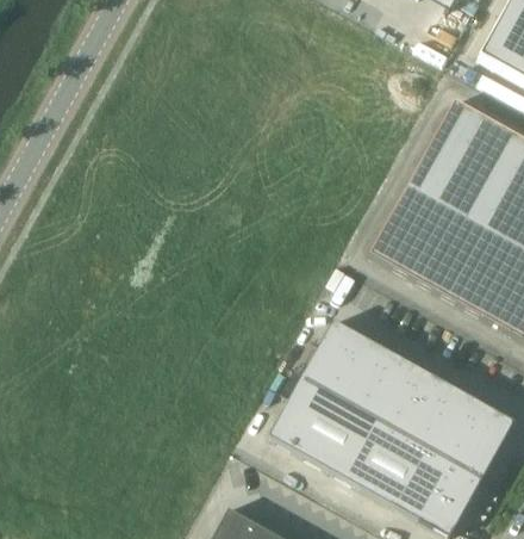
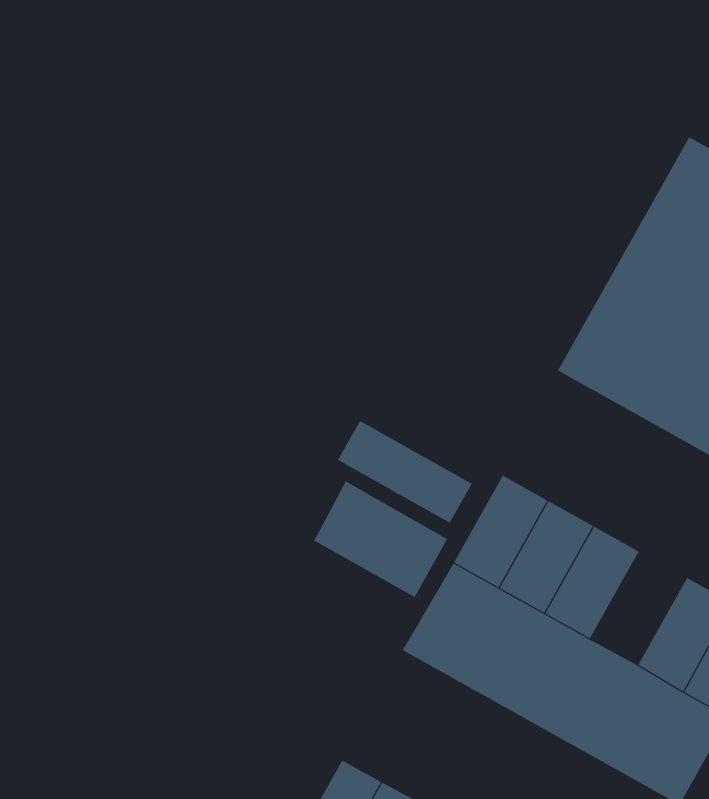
building: none -> [337,420,472,524]
building: none -> [313,480,448,598]
building: [392,371,455,445] -> none

